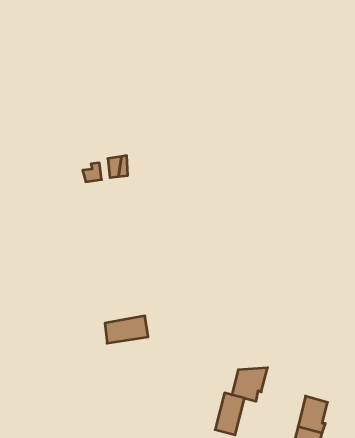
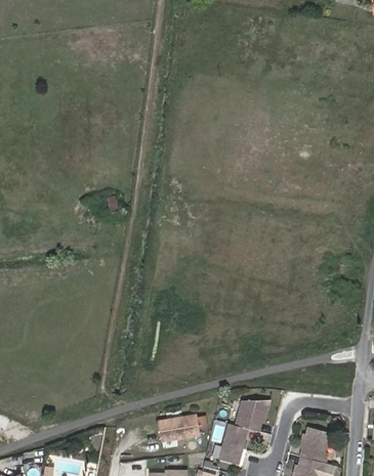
building: [105,316,148,343] -> [158,415,200,441]

